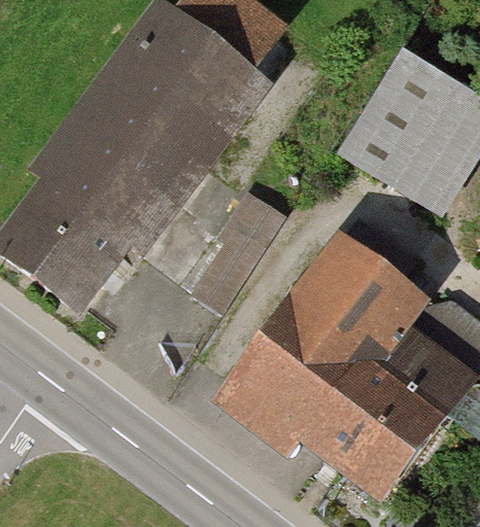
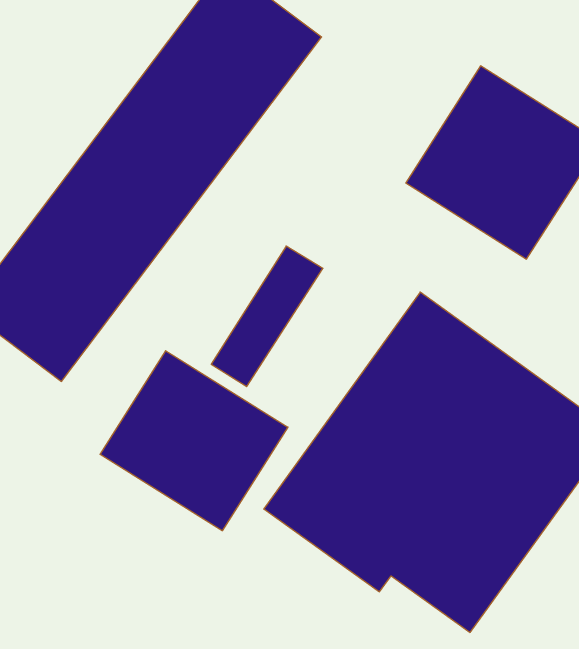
building: none -> [100,351,288,531]

